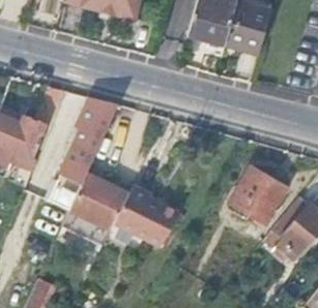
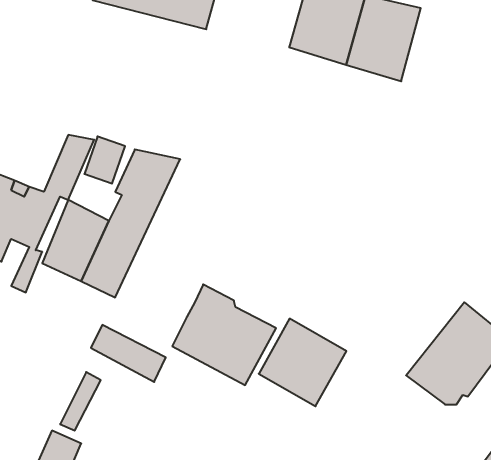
building: [231,167,287,223] -> [259,319,346,406]
building: [69,174,128,229] -> none

